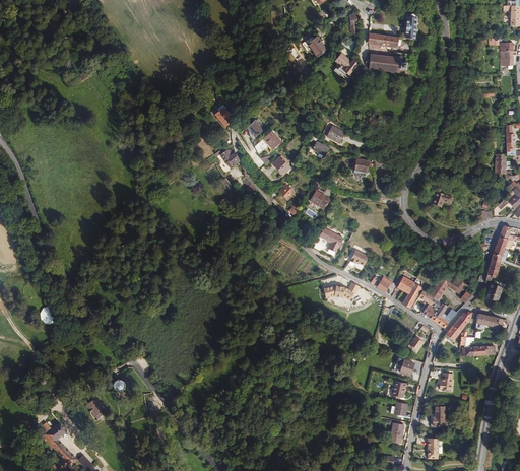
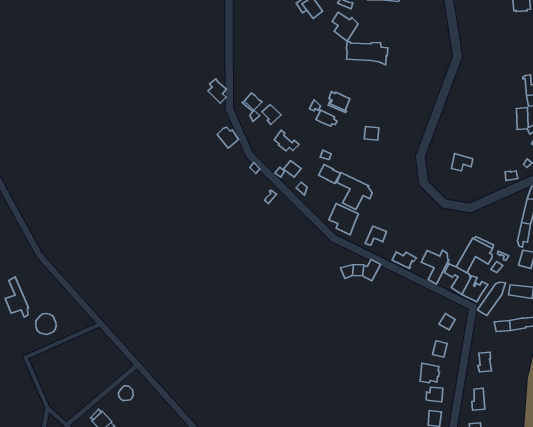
building: [368,52,406,76] -> [346,41,388,65]
building: none -> [337,172,372,209]
building: none -> [5,277,29,317]

